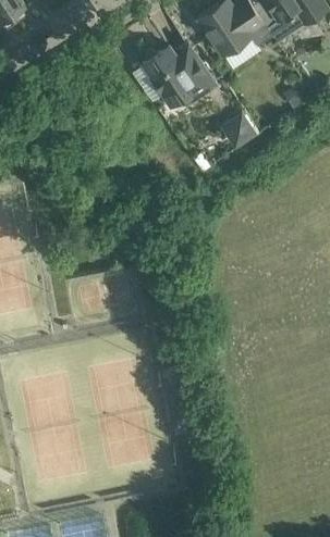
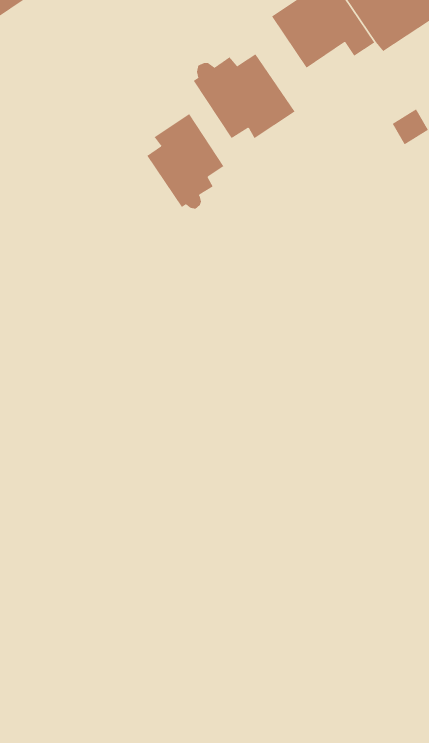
building: none -> [147,113,224,210]
building: [218,112,255,148] -> none

